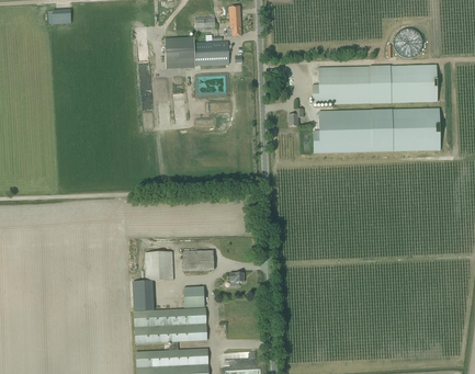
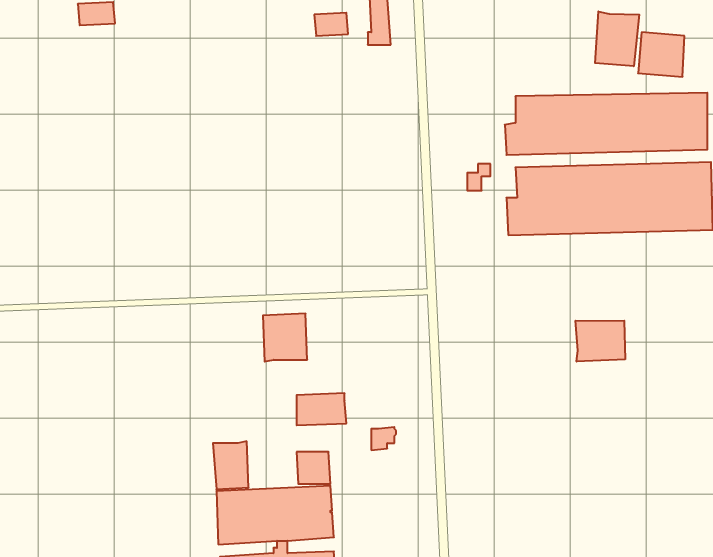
building: none -> [595,11,639,66]
building: [165,37,228,67] -> none
building: none -> [576,321,625,362]
building: [146,251,173,281] -> [263,314,307,362]

